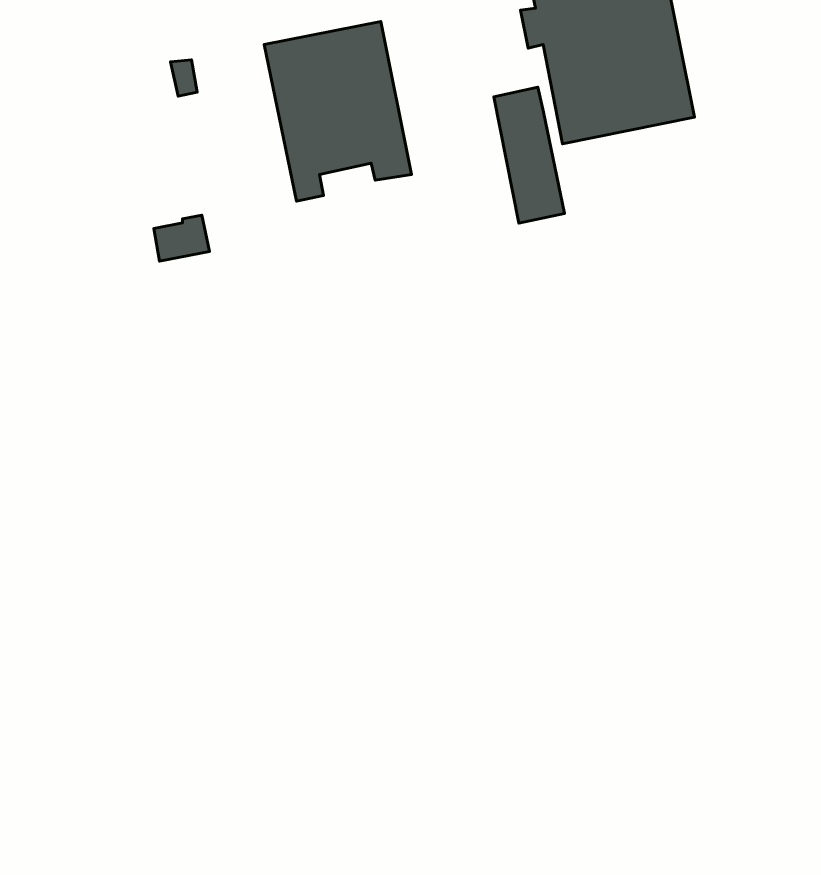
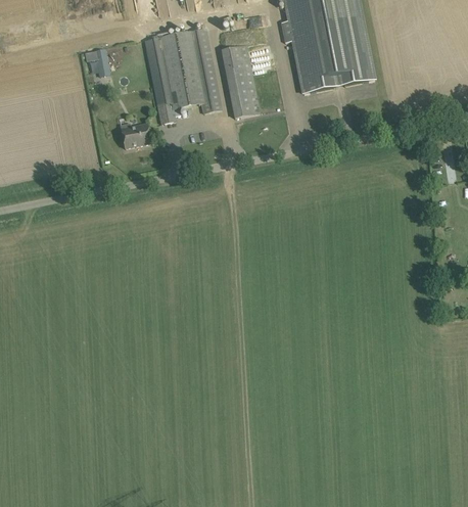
building: [494,87,565,223] -> [221,43,259,116]
building: [154,215,209,261] -> [121,122,150,146]

